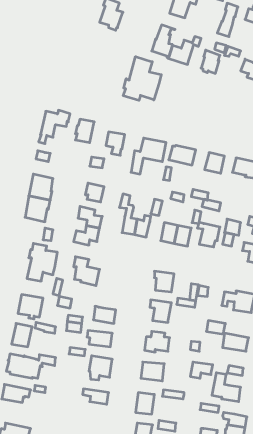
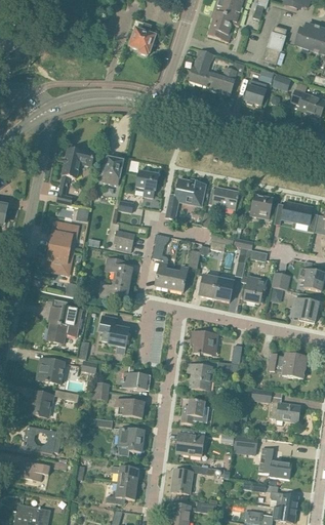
building: [123,57,161,100] -> none
building: none -> [106,479,137,503]

